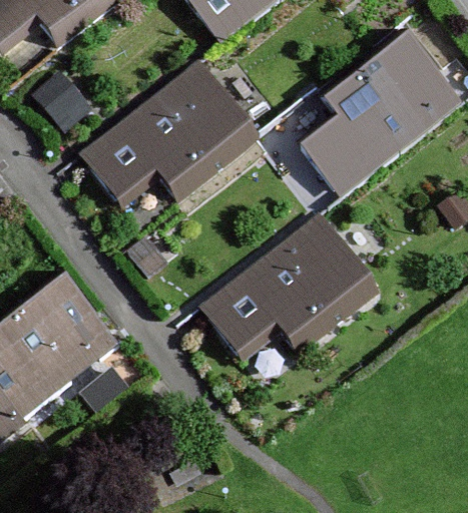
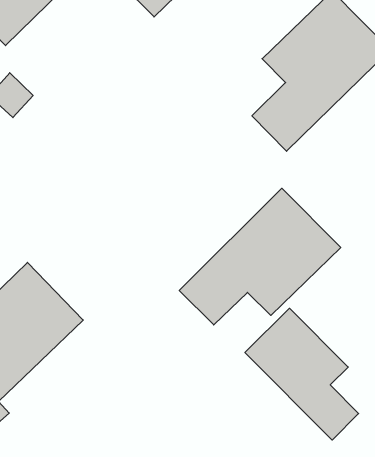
building: [90,72,260,203] -> none
building: none -> [245,308,359,440]

